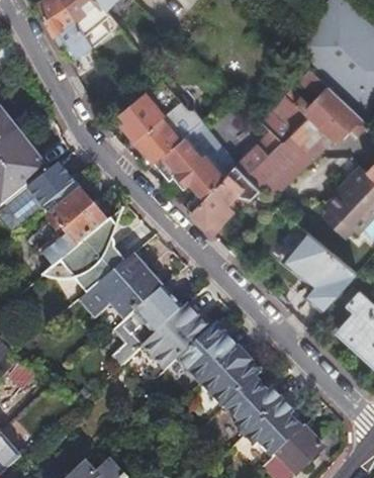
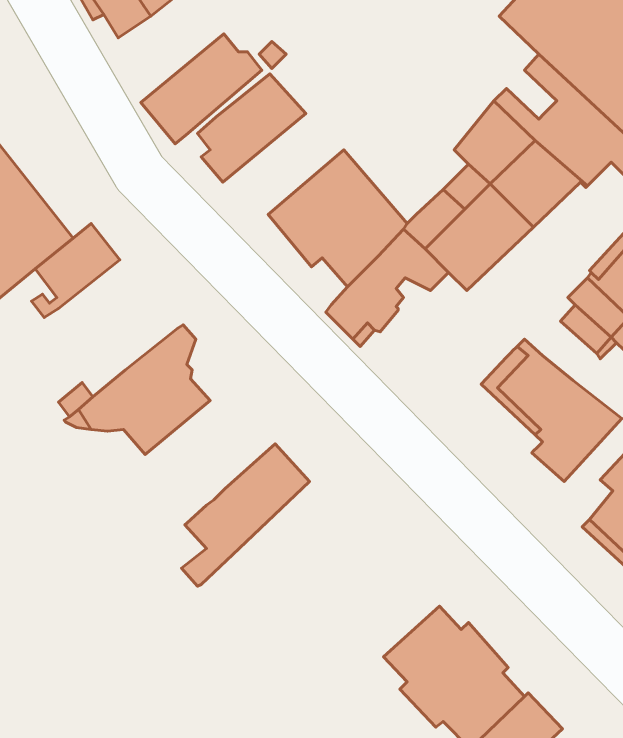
building: [133,101,201,163] -> [141,34,262,144]
building: [41,183,108,245] -> none
building: [80,255,164,318] -> none
building: [143,303,261,406] -> none

